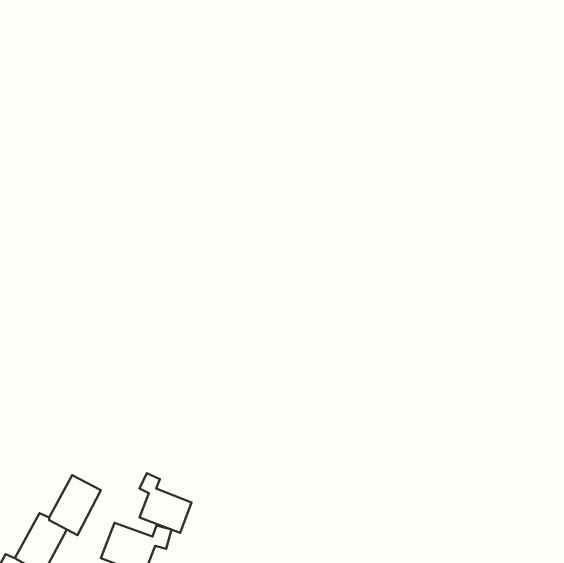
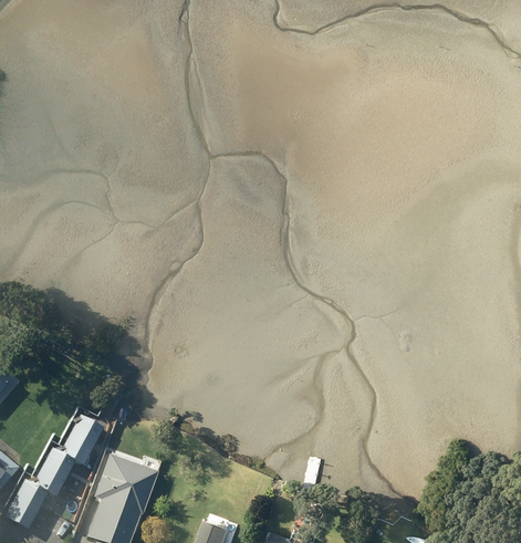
building: [139,473,191,533] -> none

